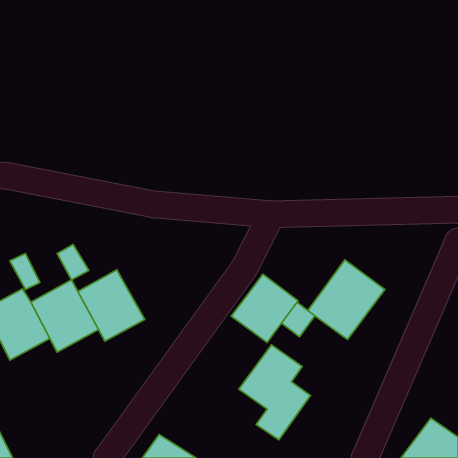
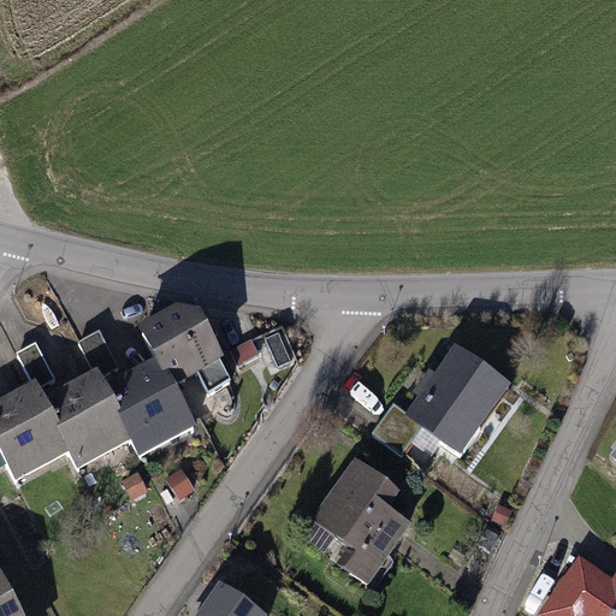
building: none -> [140,306,225,391]
building: [231,274,298,343] -> none

